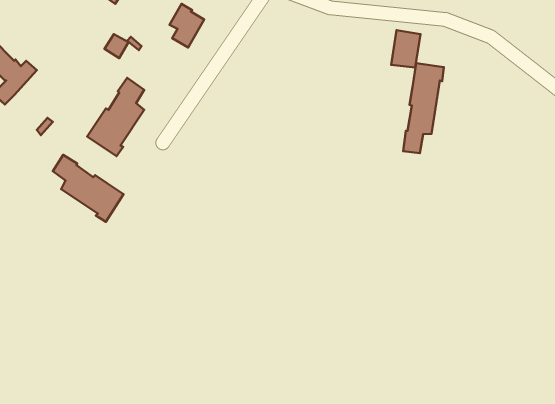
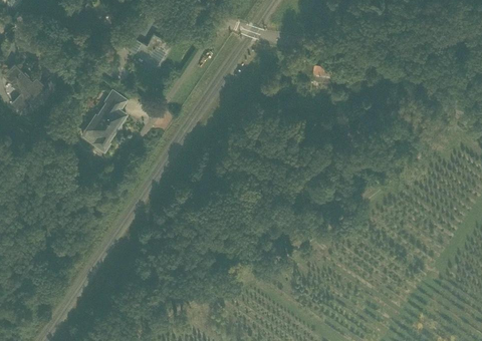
building: [403,63,444,153] -> none
building: [53,155,124,222] -> none

